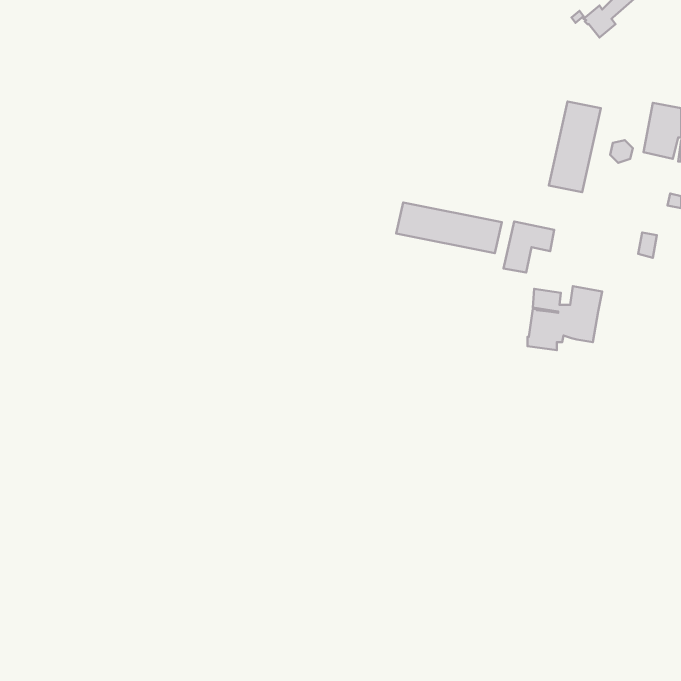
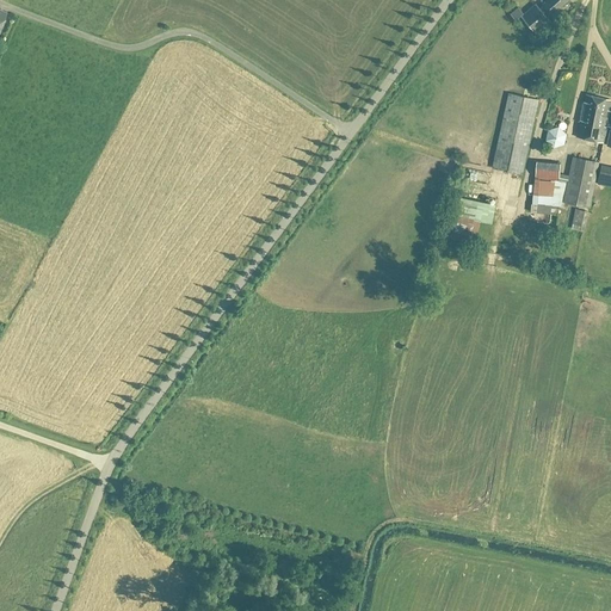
building: [396,202,502,253] -> none
building: [527,286,602,350] -> [530,156,597,214]

